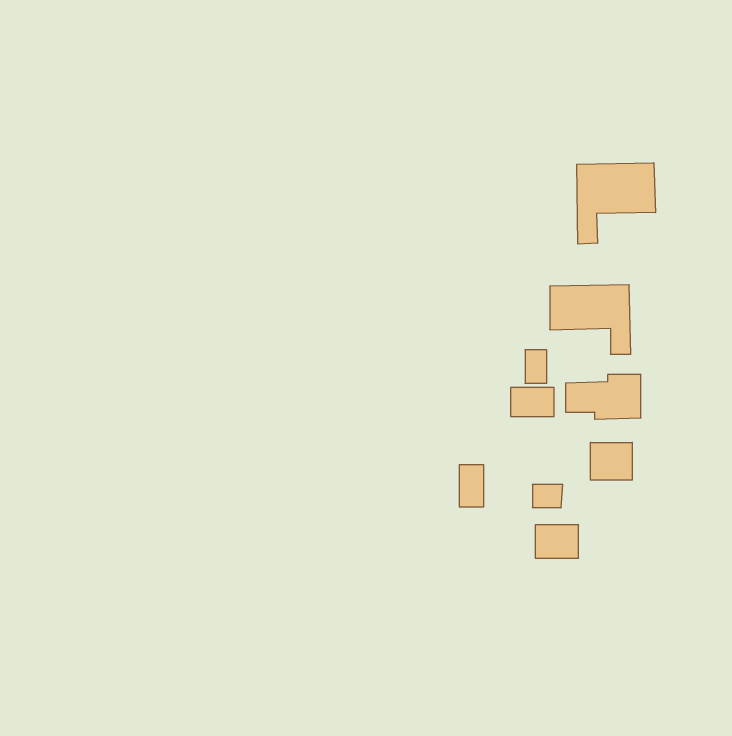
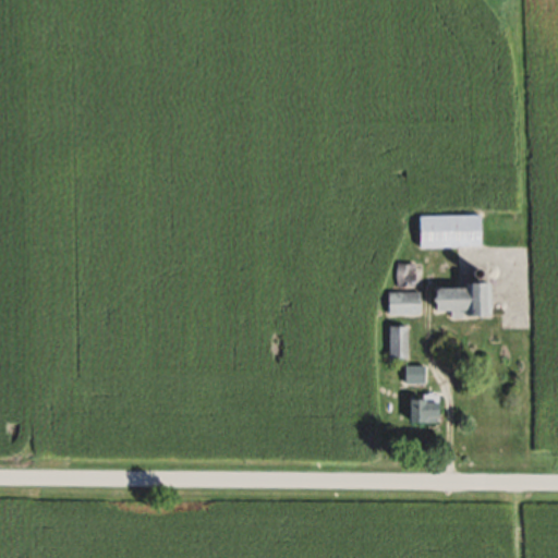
building: [577,163,655,244] -> none
building: [590,442,632,480] -> none
building: [459,465,484,507] -> [390,326,409,357]

